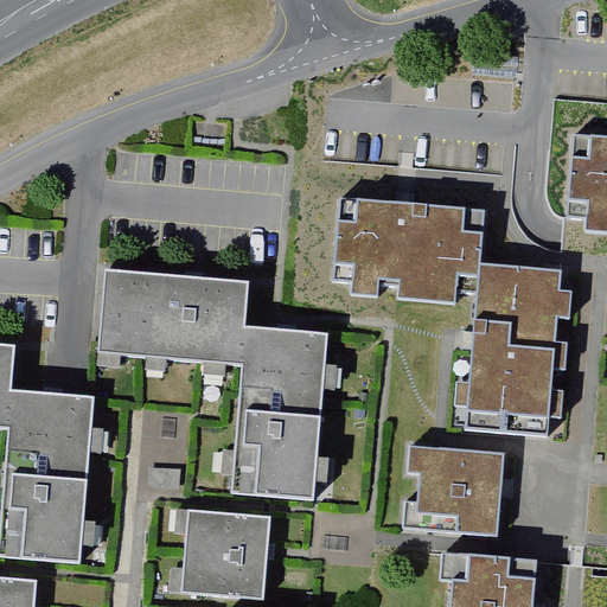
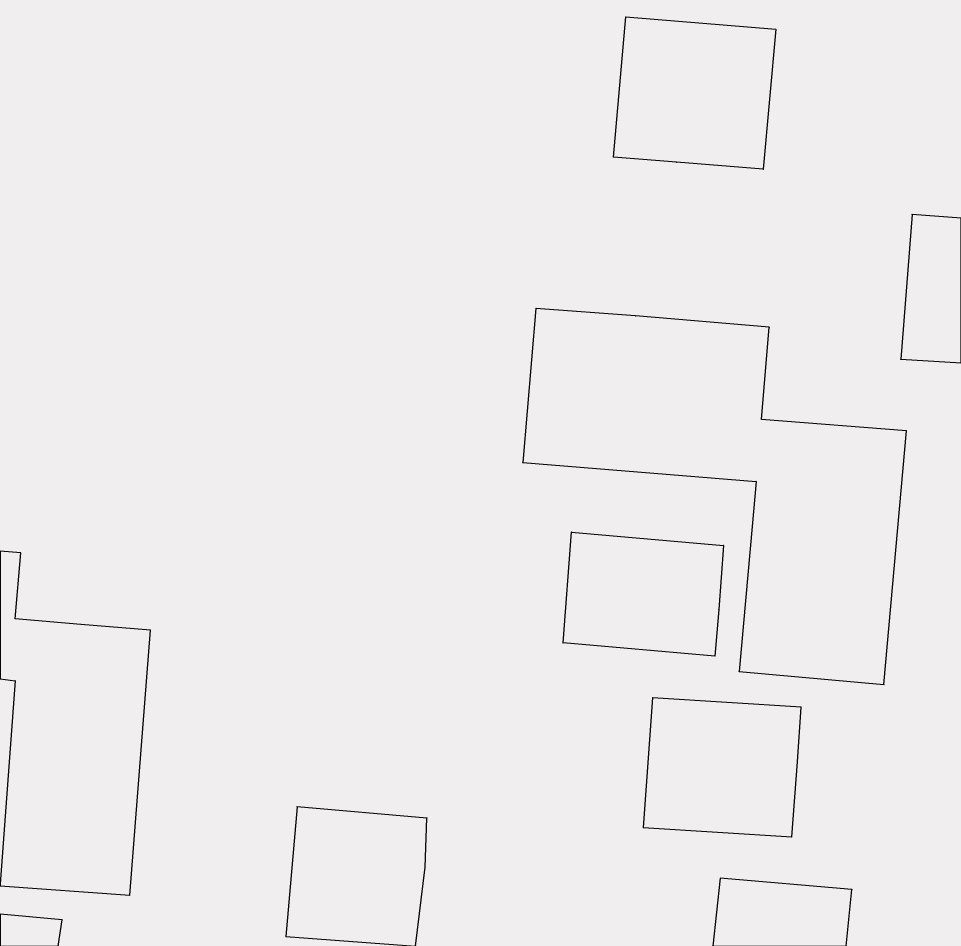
building: none -> [613,17,776,169]
building: [97,270,326,493] -> none
building: none -> [563,532,723,656]

